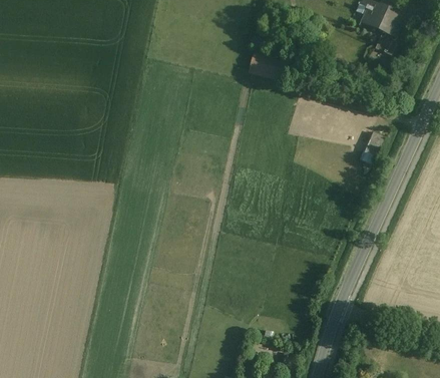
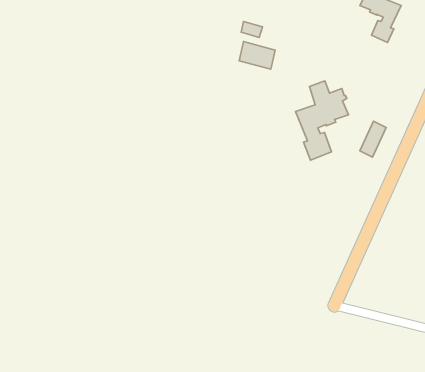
building: none -> [296,81,349,160]

